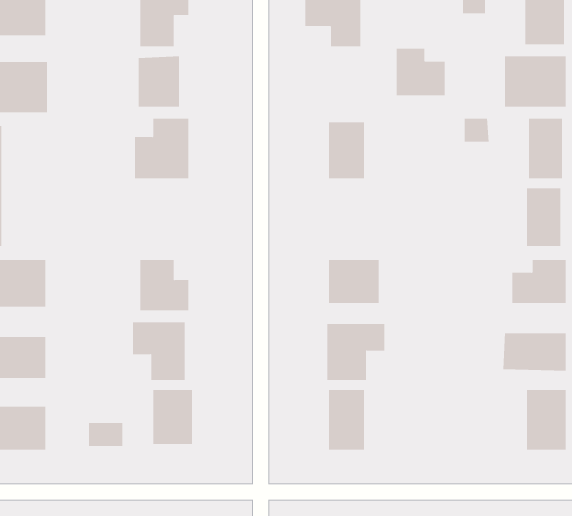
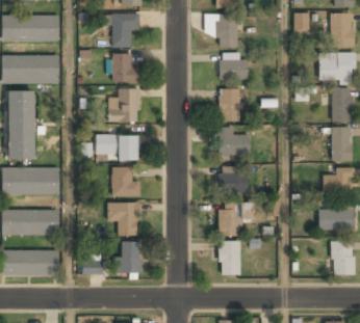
building: [396,48,445,96] -> [221,53,249,80]
building: none -> [218,127,250,154]
building: none -> [97,135,139,158]

